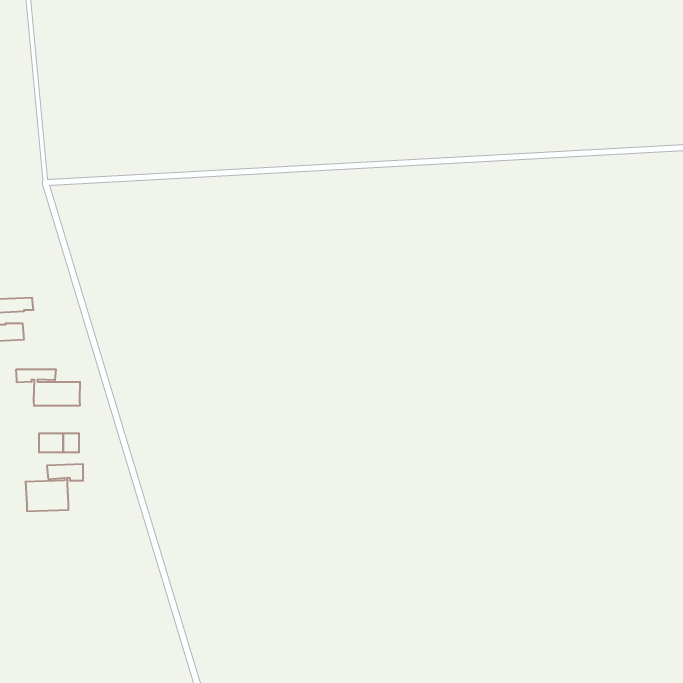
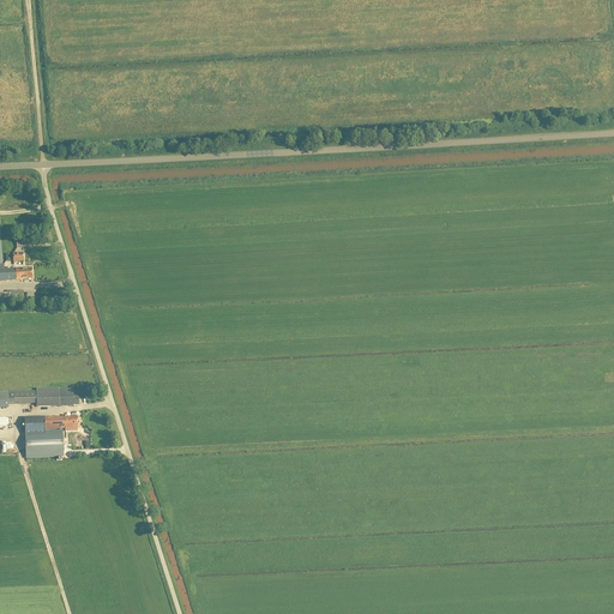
building: [16,369,80,406] -> none

